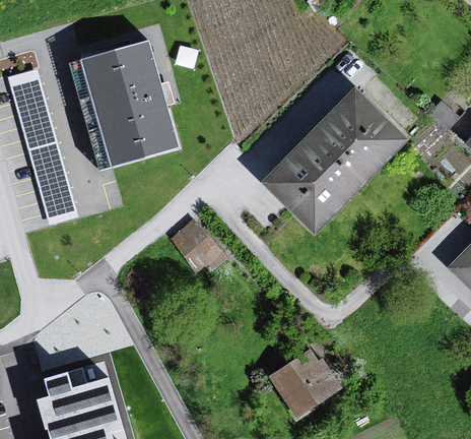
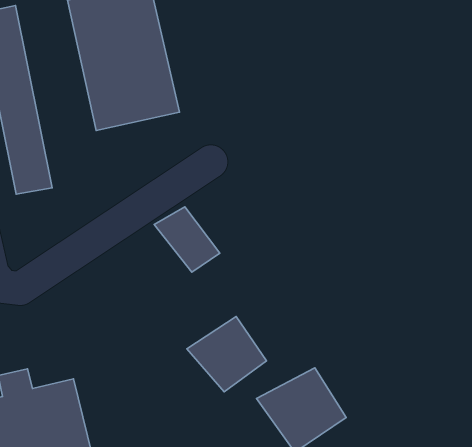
building: [248,91,395,239] -> none
building: none -> [187,316,267,392]

